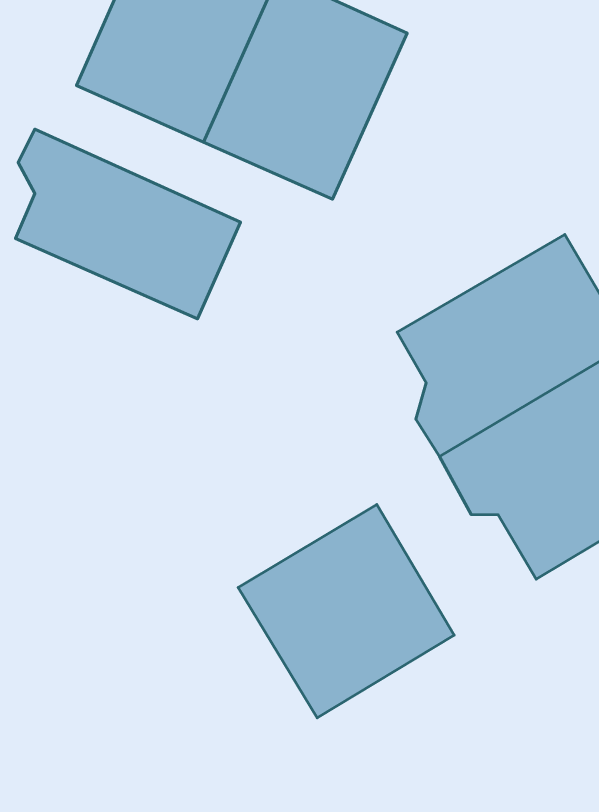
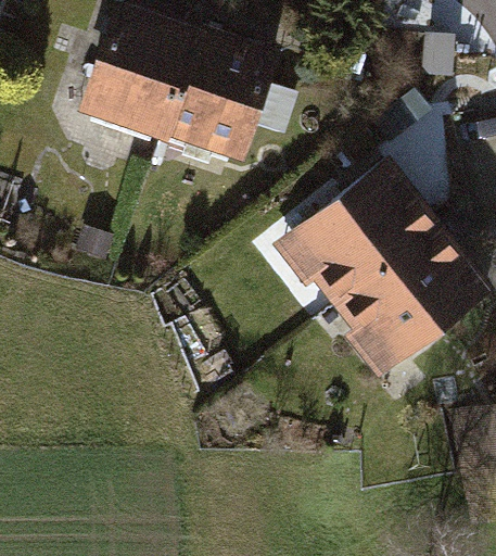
building: [16,129,241,319] -> none
building: [238,504,454,718] -> none

